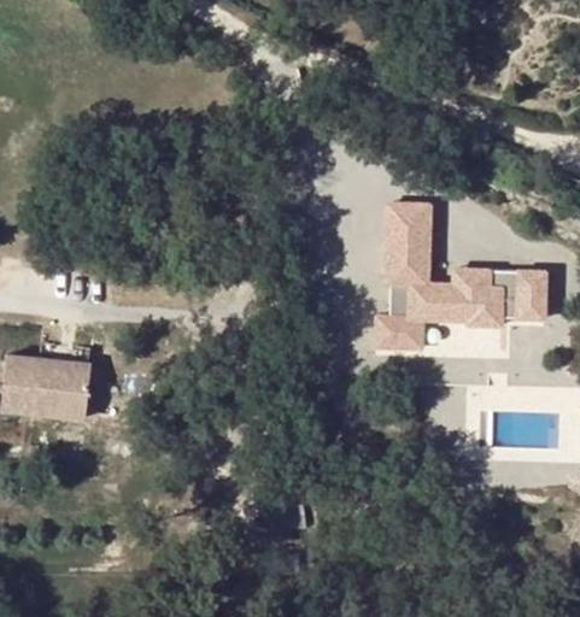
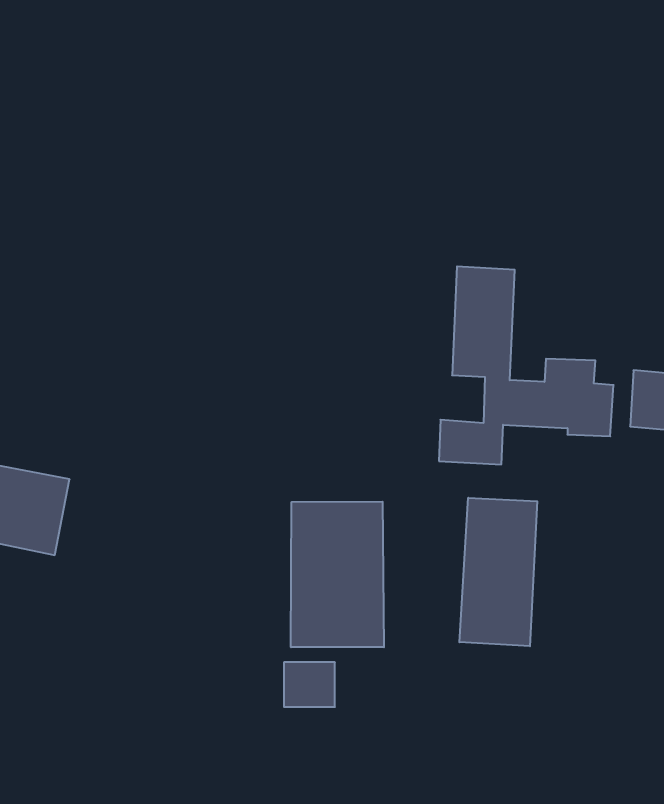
building: none -> [459,498,537,646]
building: none -> [291,502,384,647]

